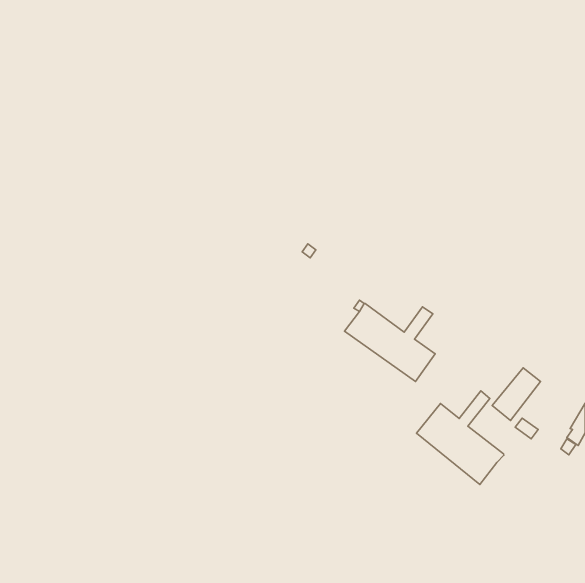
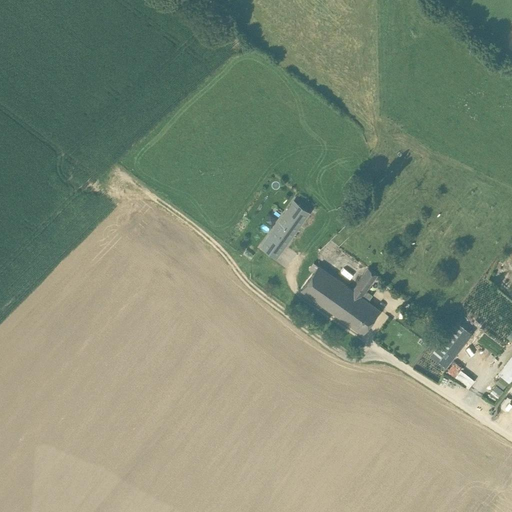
building: none -> [262,203,309,258]
building: [416,391,504,485] -> none

